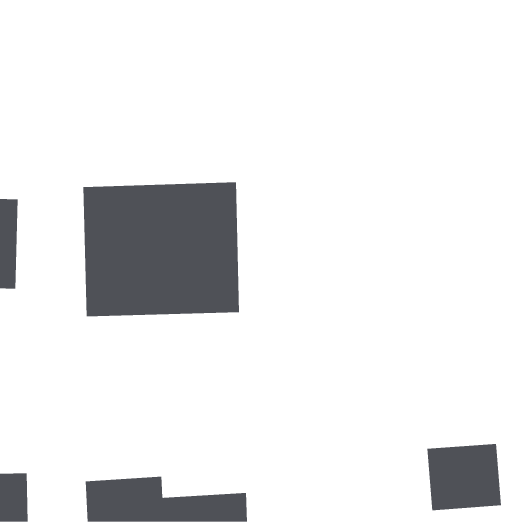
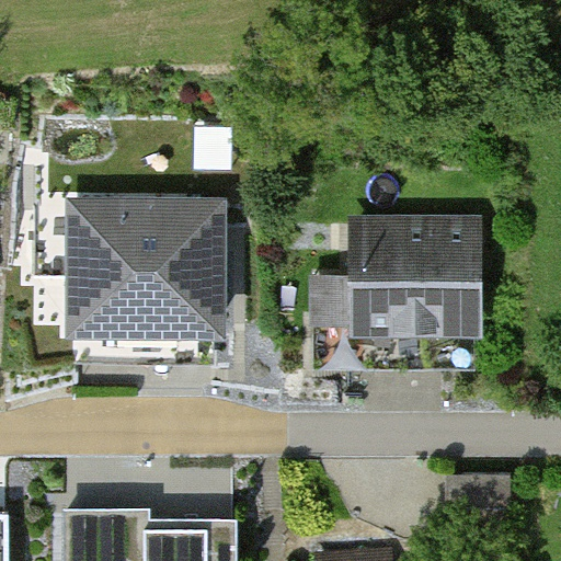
building: none -> [327,215,467,339]

